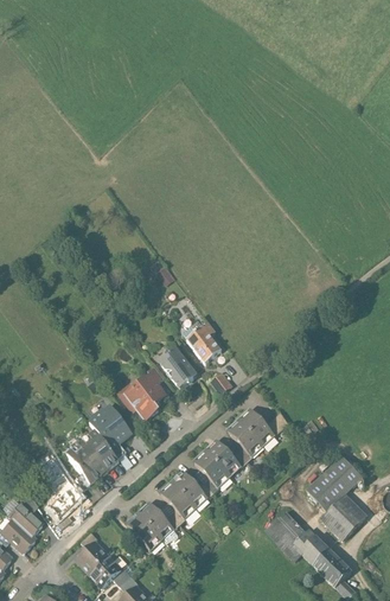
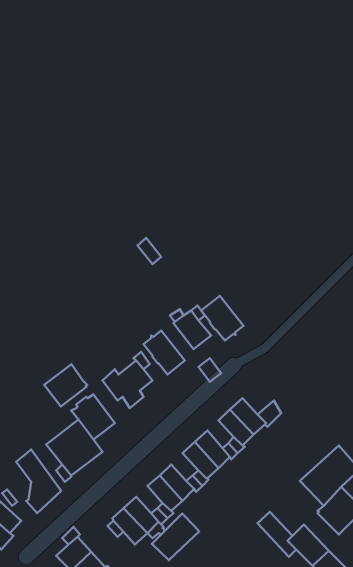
building: none -> [201,296,243,341]
building: none -> [44,364,87,407]
building: none -> [152,514,199,560]

